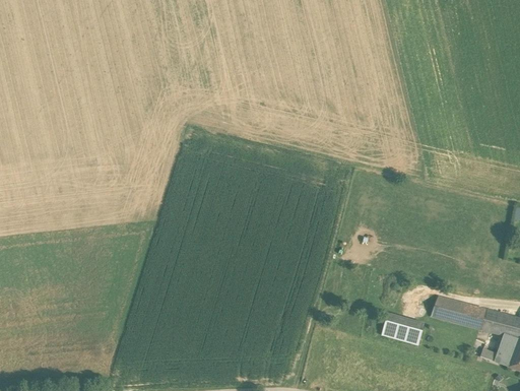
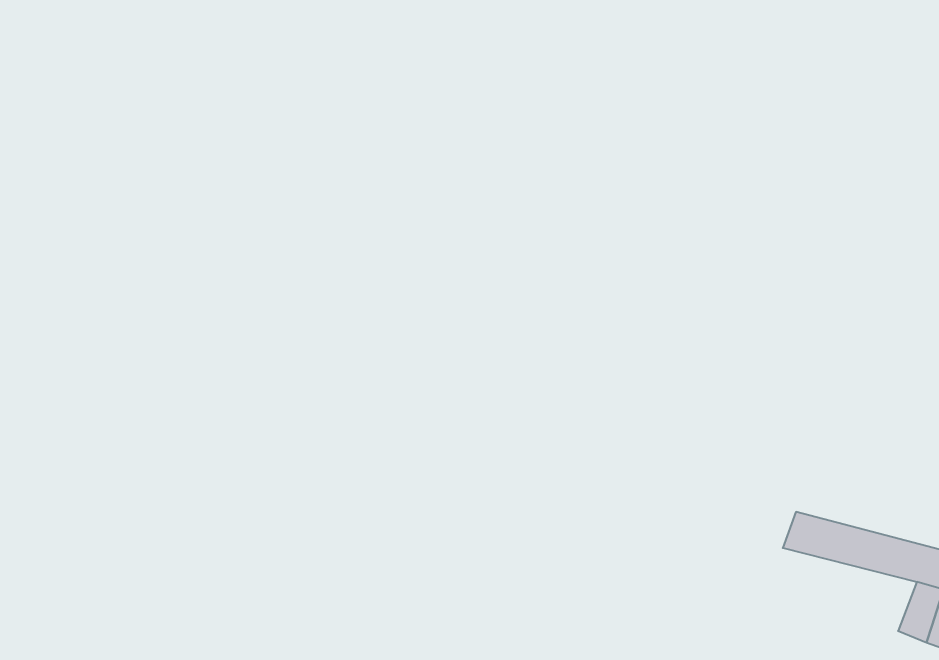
building: [380,321,420,345] -> none

